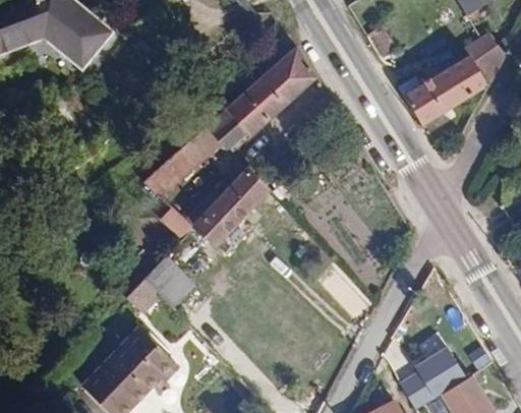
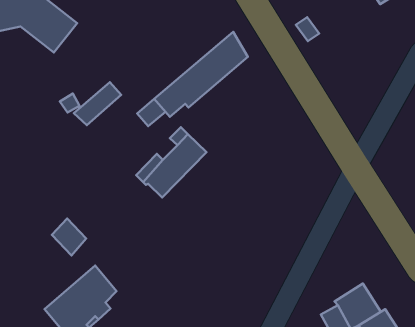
building: [400,52,497,128] -> none
building: [140,143,196,194] -> [74,82,121,125]
building: [144,261,185,305] -> [52,219,86,256]

